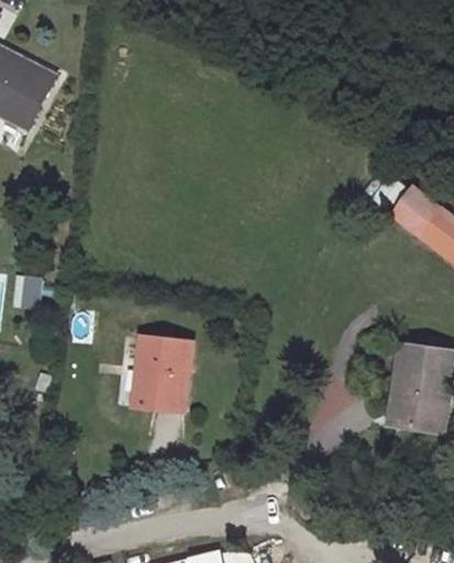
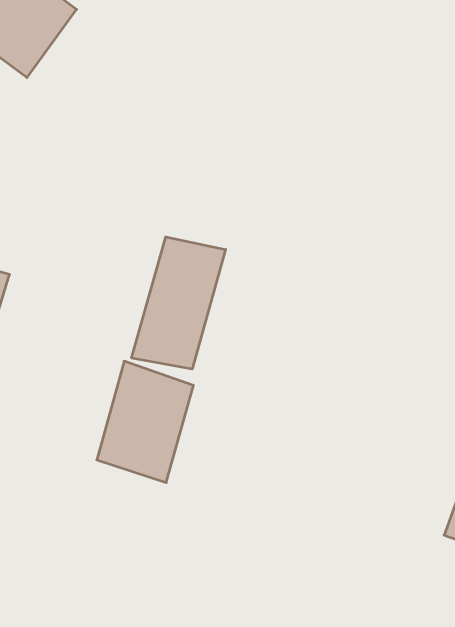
building: none -> [132,237,226,369]

